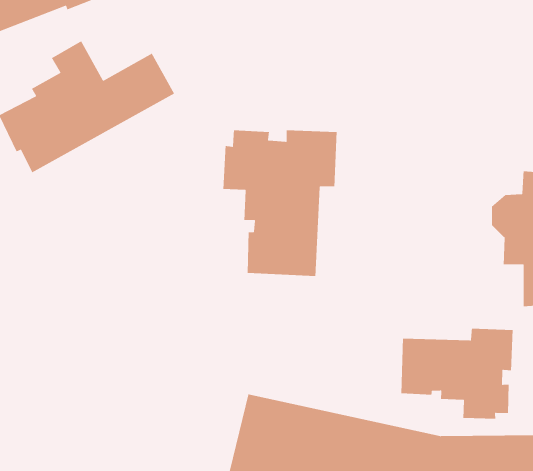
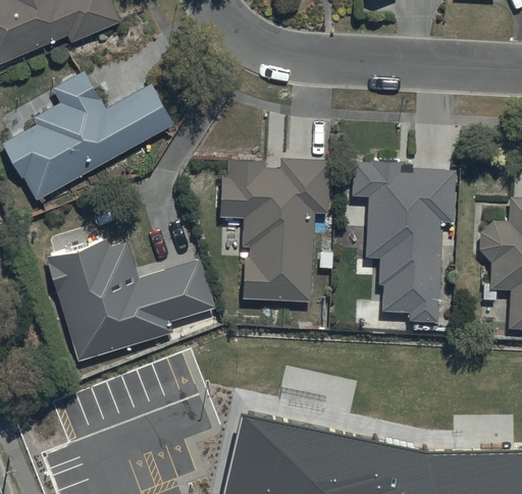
building: none -> [353,161,455,321]
building: none -> [48,240,216,363]
building: [400,328,514,420] -> none

